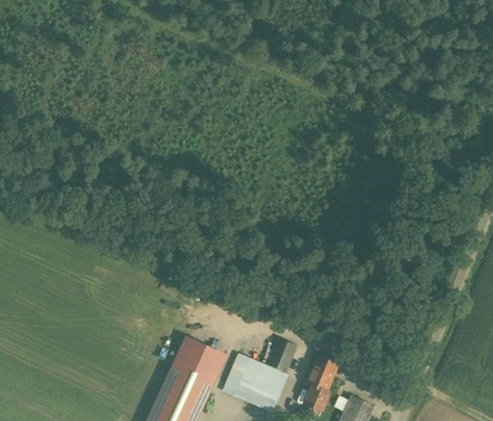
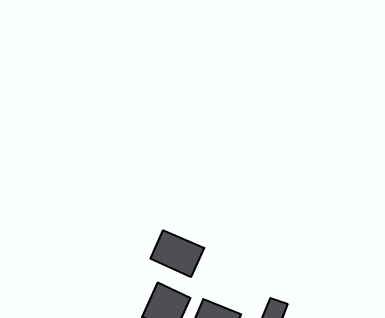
building: none -> [150,230,204,277]
building: [268,337,296,371] -> none

